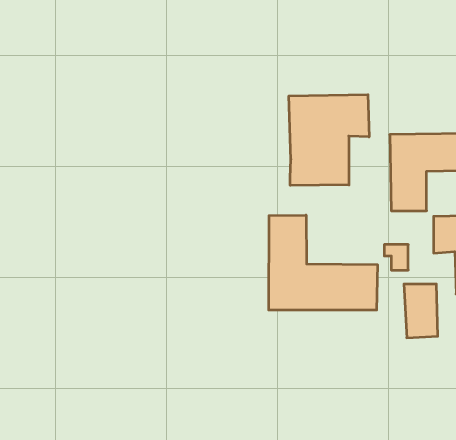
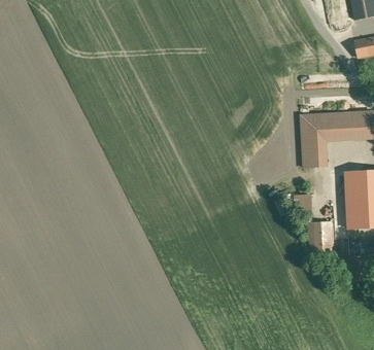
building: [289,95,369,185] -> none
building: [269,215,377,310] -> none

